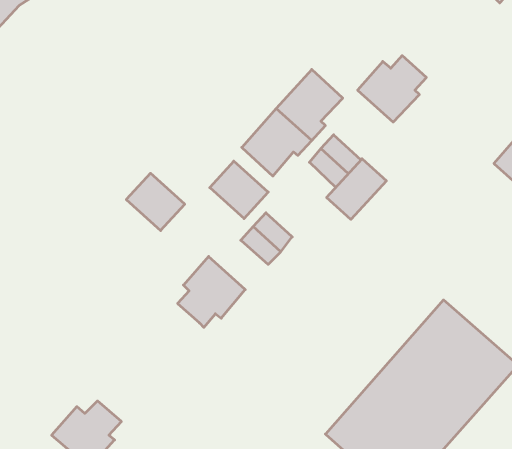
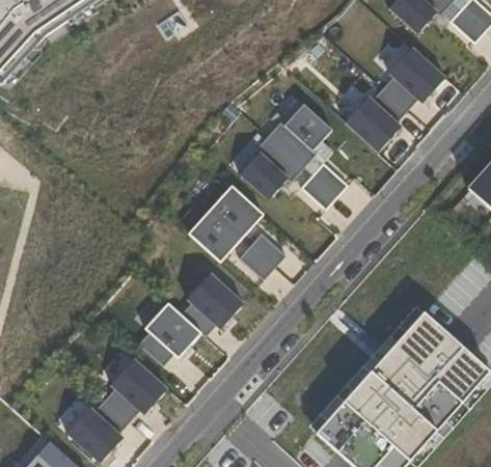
building: none -> [385,46,444,109]
building: [327,159,386,219] -> none
building: [126,173,185,231] -> [189,209,242,260]
building: none -> [140,301,201,364]
building: none -> [109,357,167,420]

